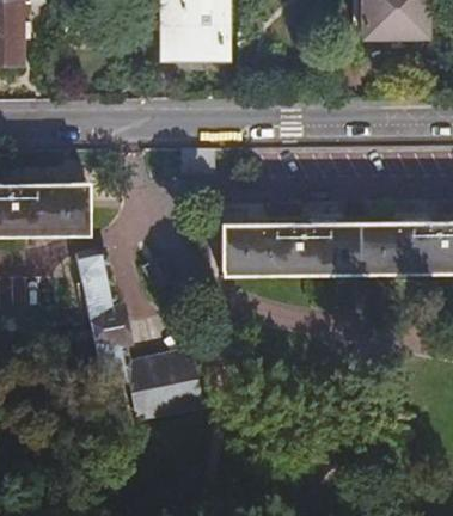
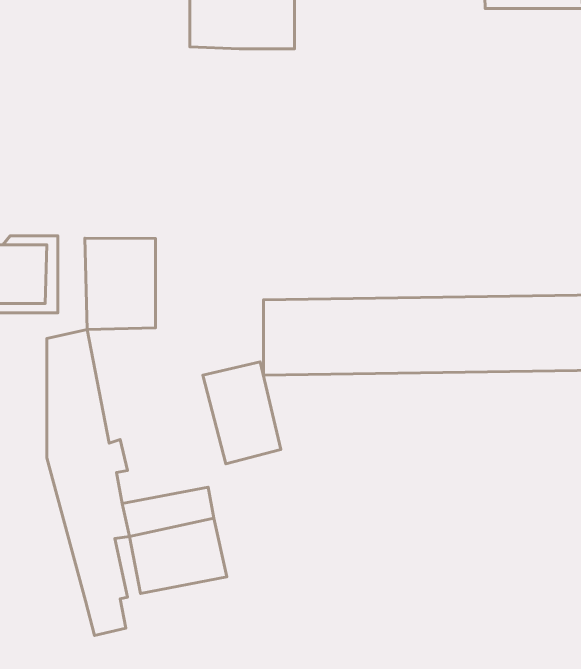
building: none -> [85,238,155,329]
building: none -> [203,362,281,464]

